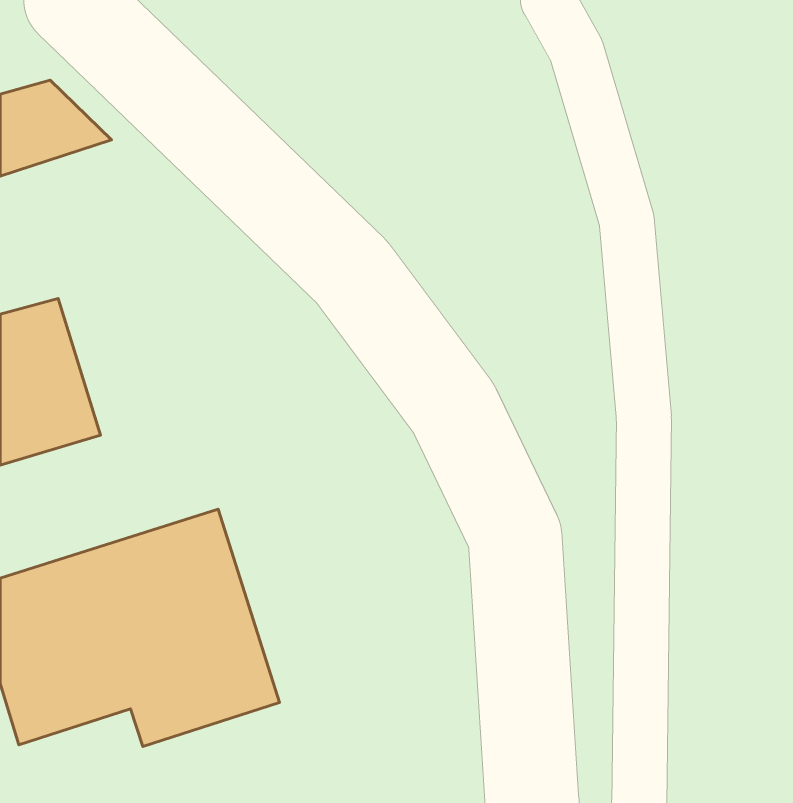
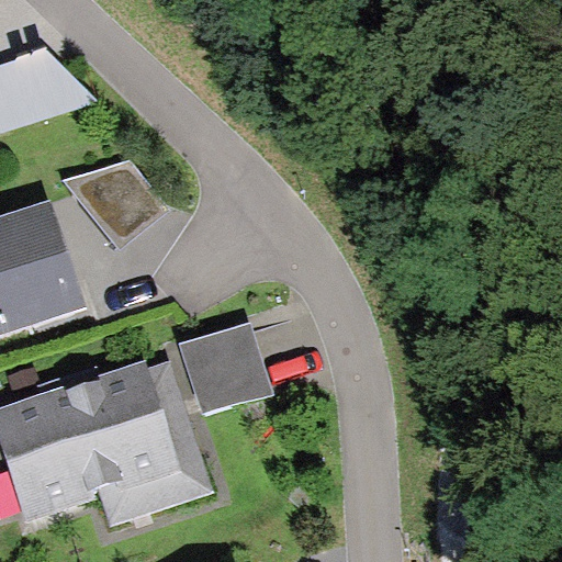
building: none -> [66,167,168,243]
building: none -> [182,331,270,415]

